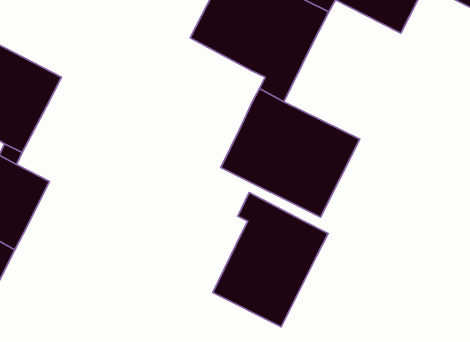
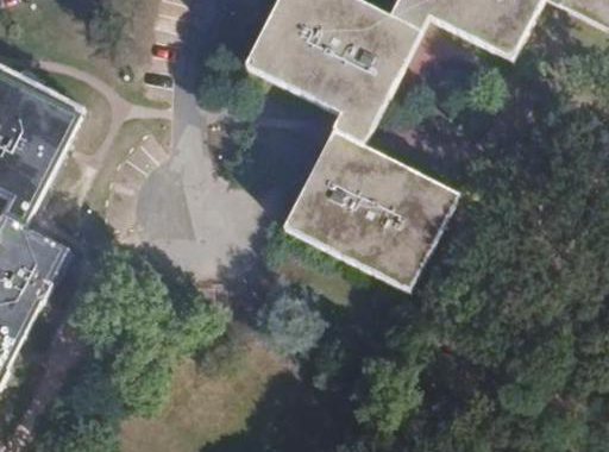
building: [213,193,328,327] -> none

